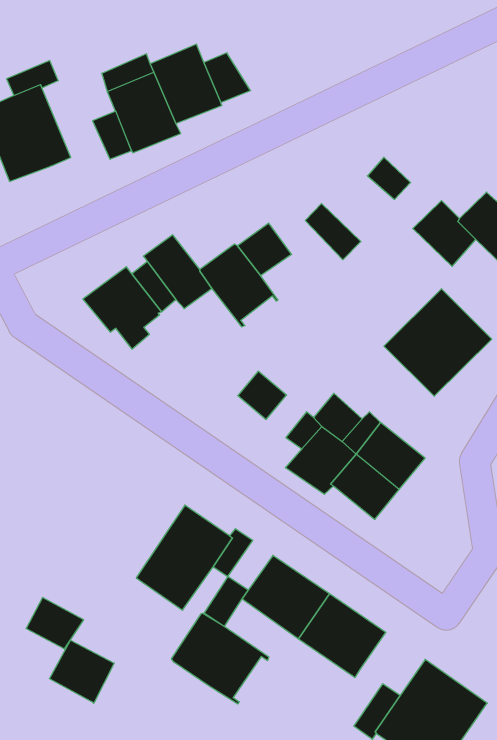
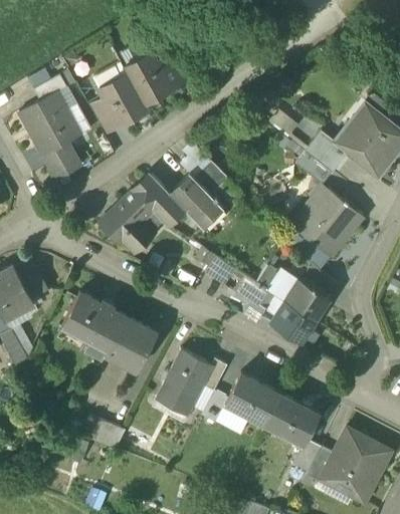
building: none -> [43,143,81,181]
building: [305,204,361,260] -> [295,154,333,188]
building: none -> [62,292,157,370]
building: [172,613,269,704] -> none
building: [49,640,114,703] -> none
building: none -> [291,439,322,472]

